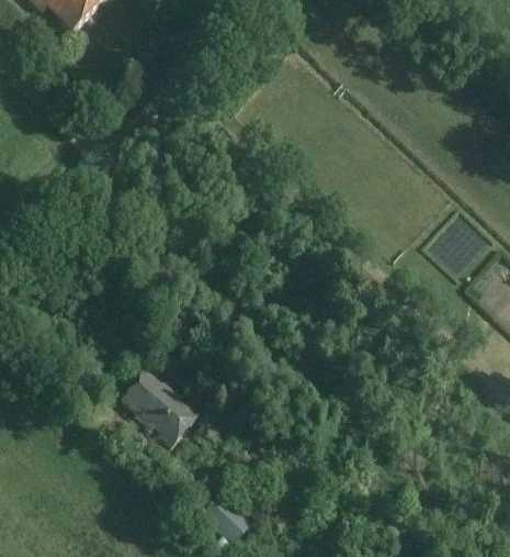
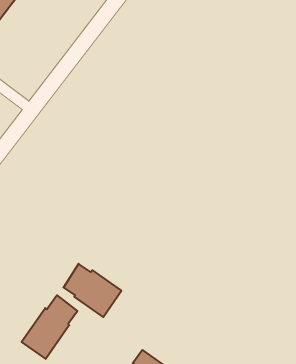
building: none -> [22,295,77,359]

